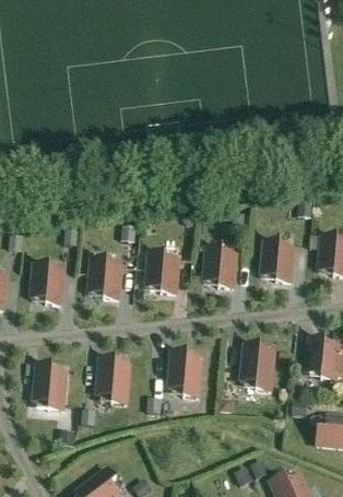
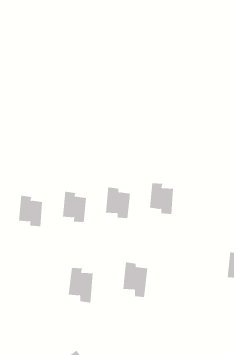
building: [261,240,294,282] -> none
building: [240,343,274,390] -> none
building: [33,363,67,410] -> none

